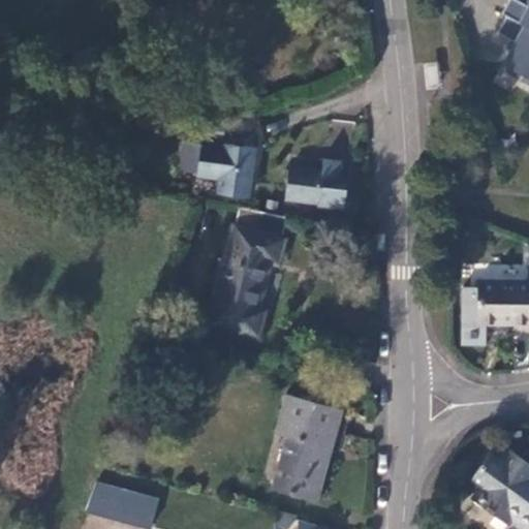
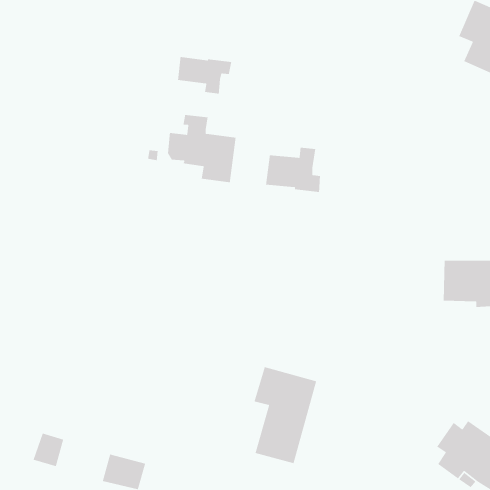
building: none -> [177,56,232,94]
building: [209,207,288,335] -> none
building: [85,481,119,519] -> [32,432,64,467]

